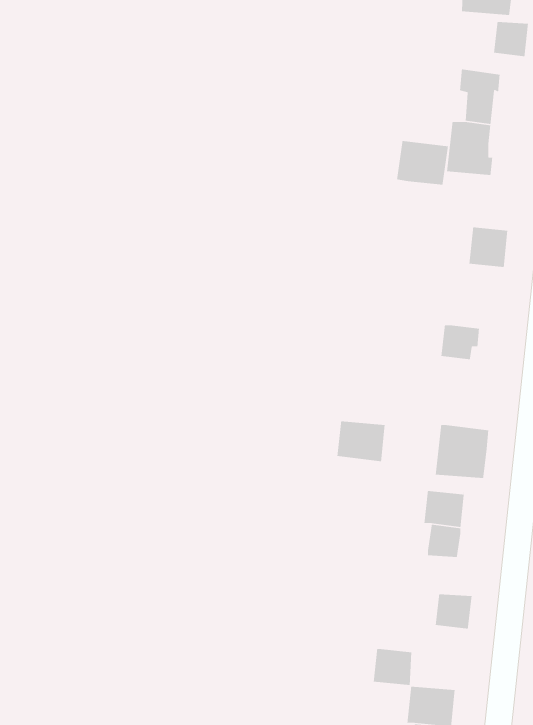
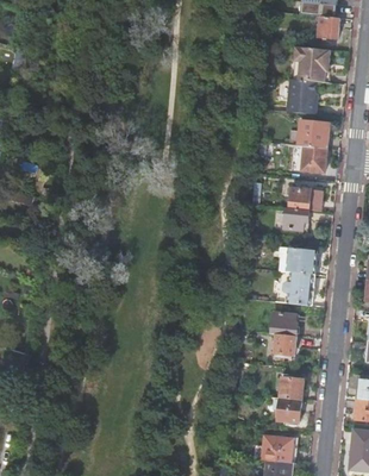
building: [396,140,449,185] -> [296,120,330,149]
building: none -> [289,188,323,212]
building: [337,421,386,462] -> [286,249,317,275]
building: [373,648,412,686] -> [276,399,301,422]

